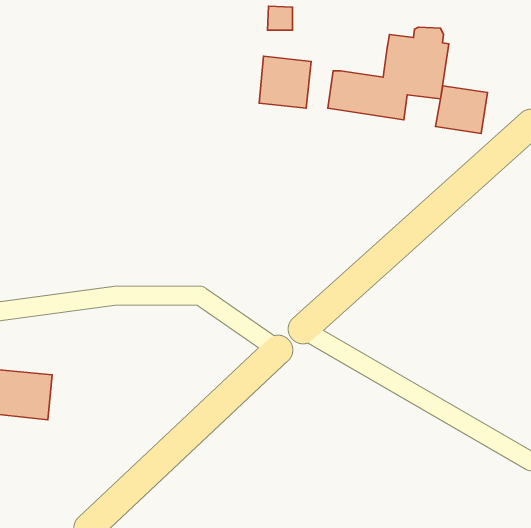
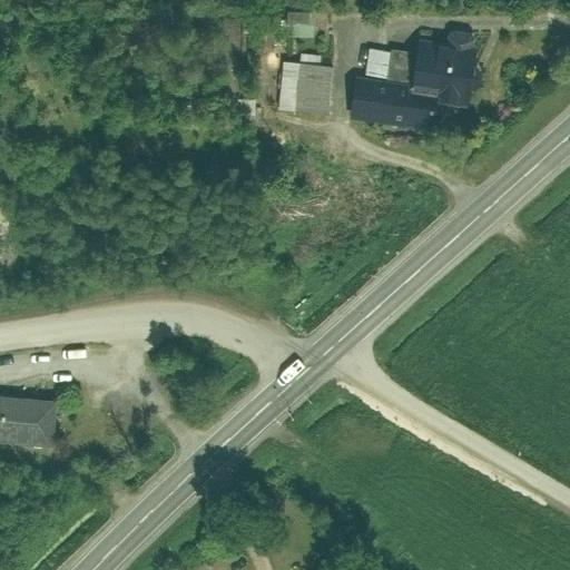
building: none -> [364,47,414,82]
building: [436,86,487,133] -> none

